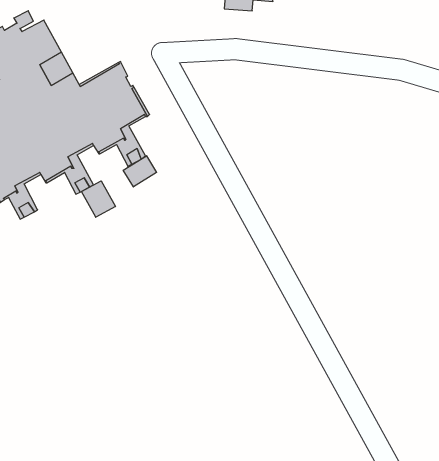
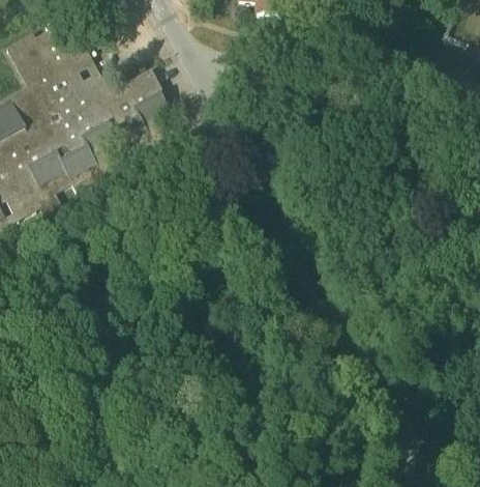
building: [123,156,157,187] -> none
building: [81,181,115,217] -> none

